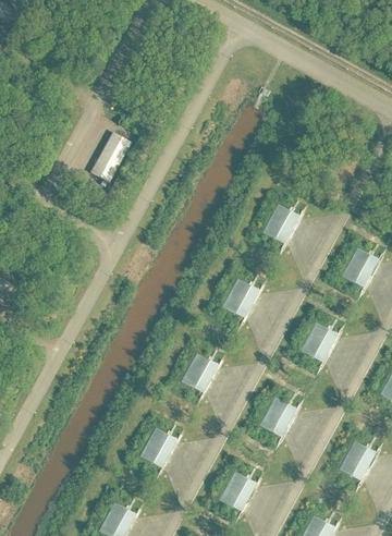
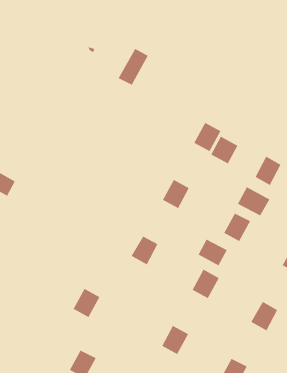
building: [89,132,131,182] -> [117,48,149,86]
building: none -> [210,136,238,164]
building: none -> [237,186,271,217]
building: none -> [197,238,228,266]
building: [139,427,176,467] -> [72,288,101,318]

